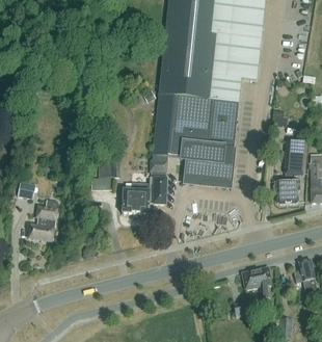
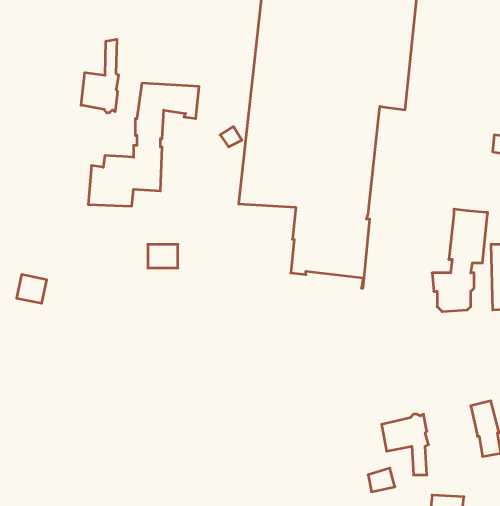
building: none -> [81,39,119,113]
building: [120,137,189,213] -> [88,83,199,206]
building: [28,199,58,239] -> none

